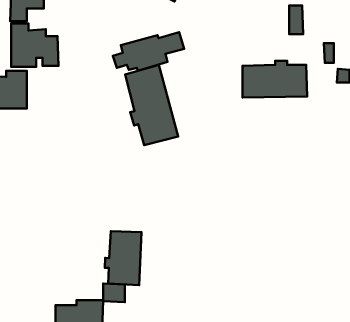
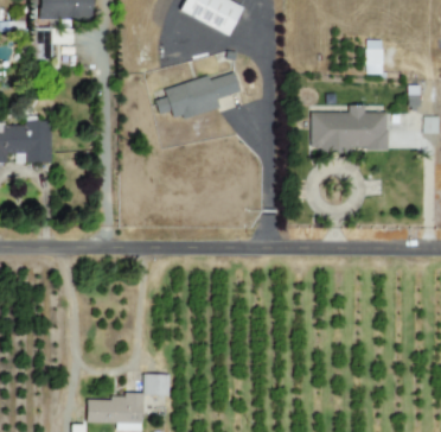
building: [11,24,58,67] -> none
building: [125,65,178,145] -> none
building: [105,231,141,285] -> none

